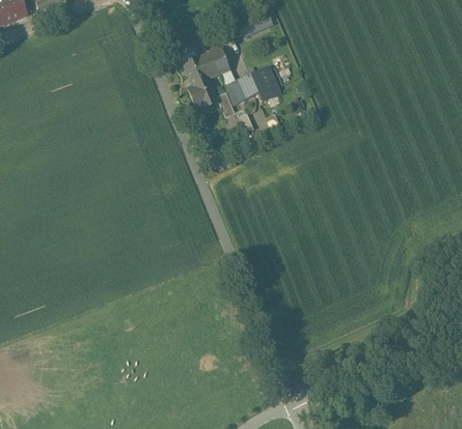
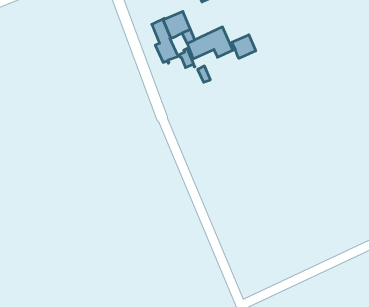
building: none -> [232,35,256,58]

